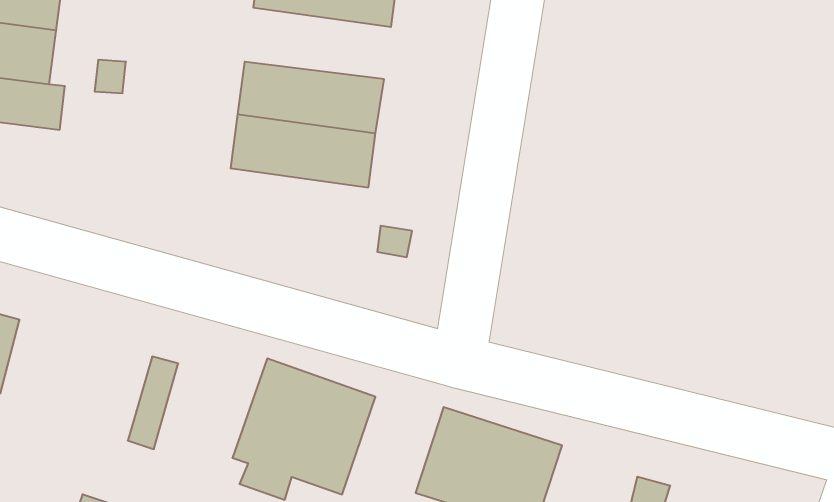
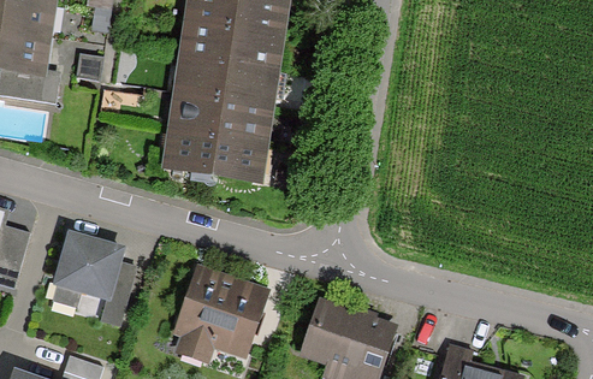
building: none -> [180,20,281,70]
building: none -> [166,131,266,180]
building: none -> [54,235,120,298]

